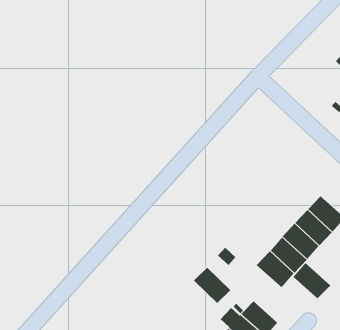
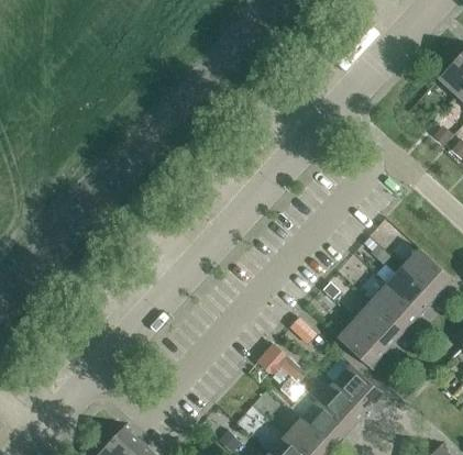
building: [292,262,331,299] -> [333,365,383,412]

